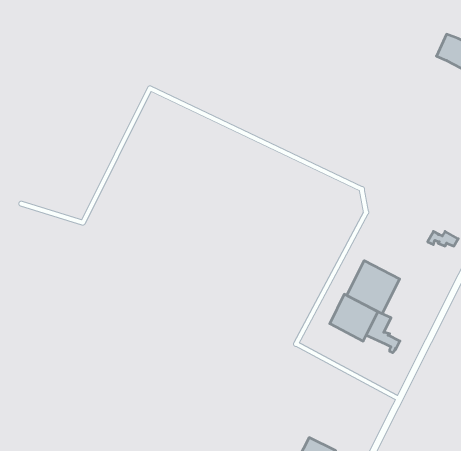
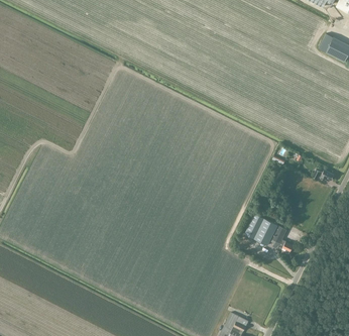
building: [347,261,400,314] -> none

